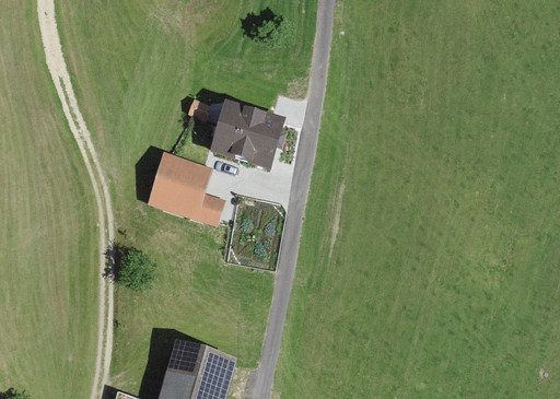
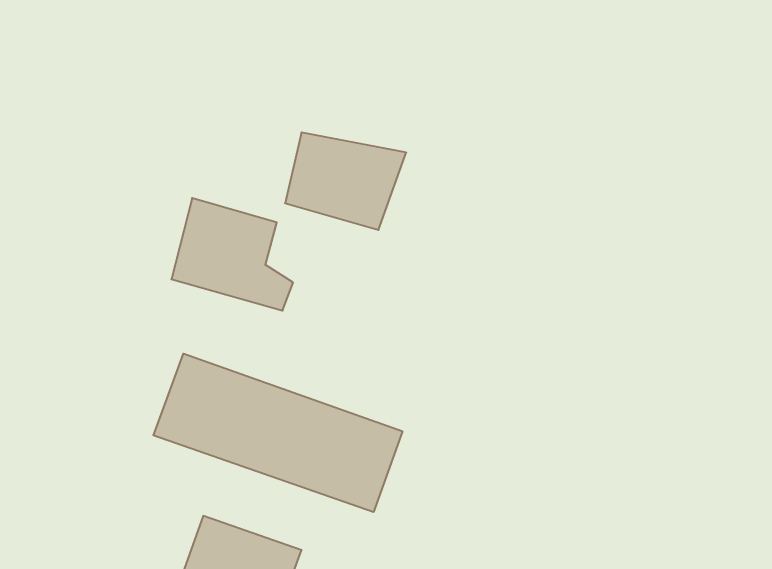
building: none -> [153,354,402,512]

